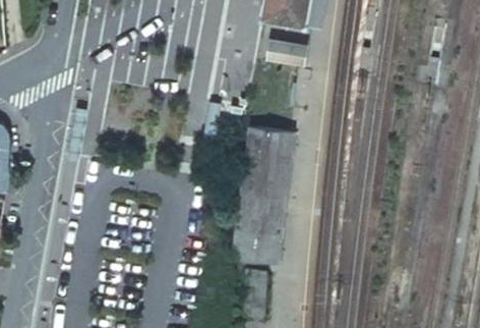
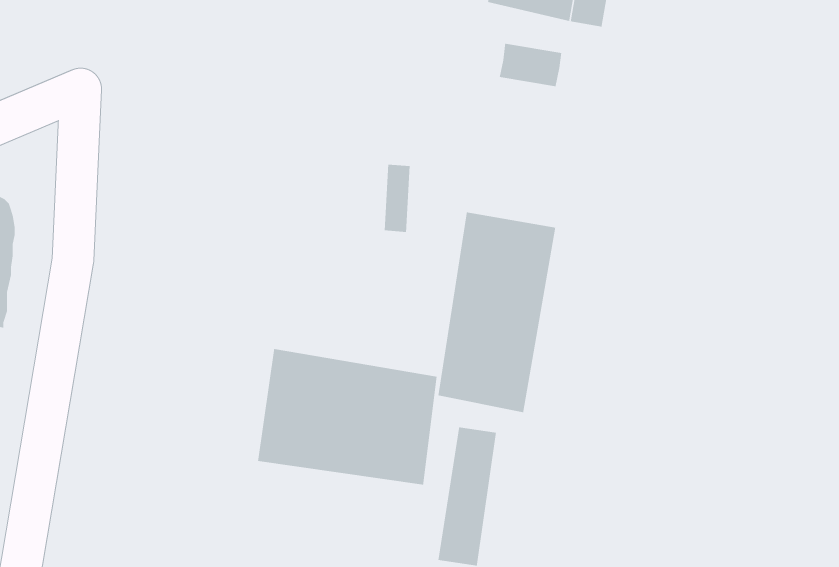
building: none -> [257,348,437,485]

